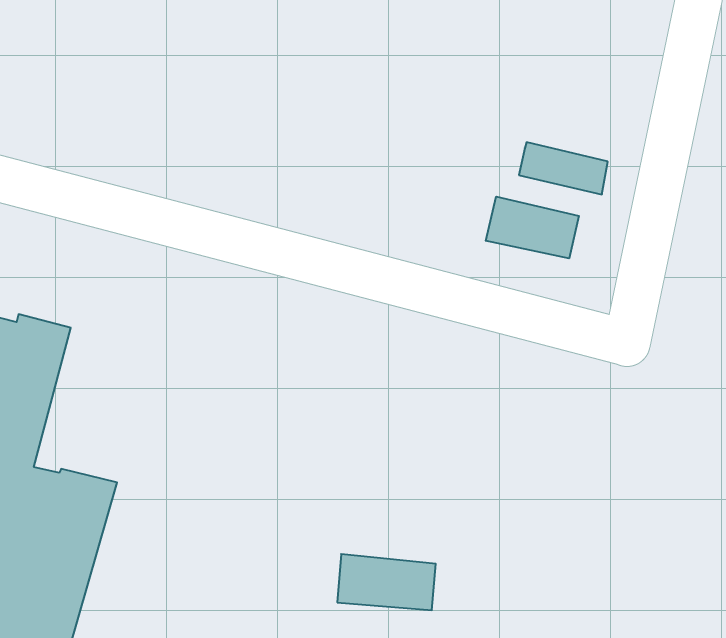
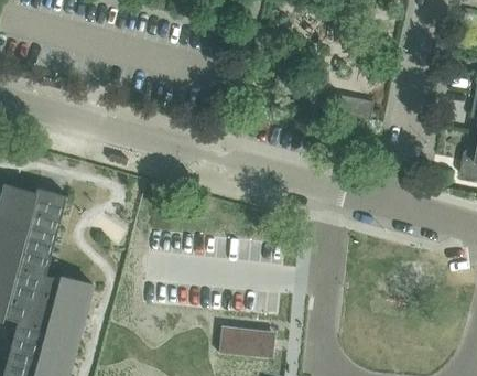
building: [486,197,579,258] -> none

